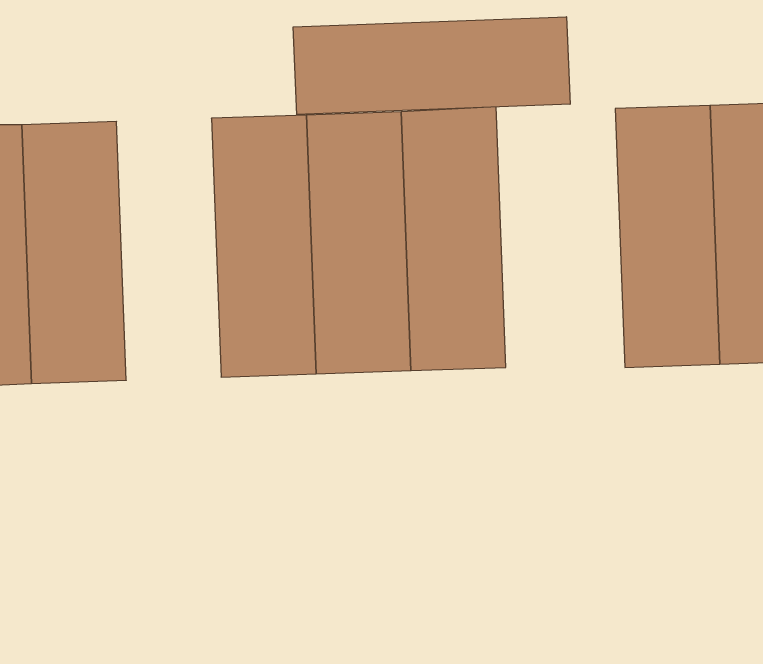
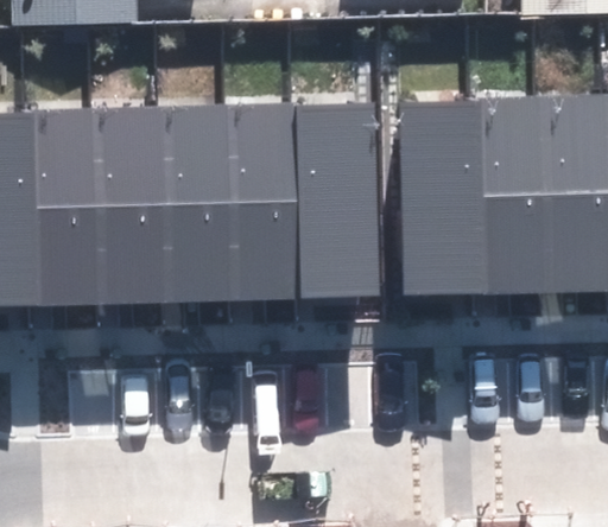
building: [293,17,570,114] -> none
building: none -> [392,103,469,297]
building: none -> [94,110,171,304]

